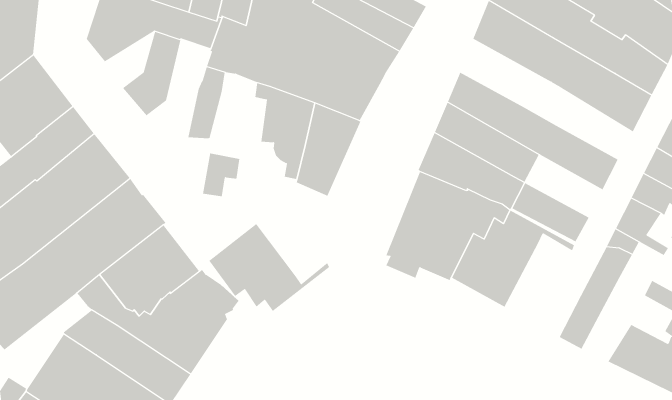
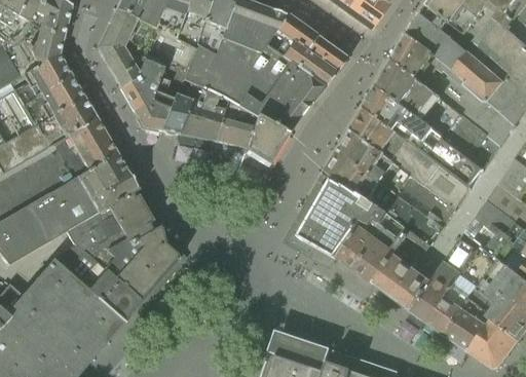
building: none -> [109,48,148,86]
building: none -> [365,85,484,187]
building: none -> [134,56,187,128]
building: none -> [178,85,222,139]
building: none -> [401,176,456,226]
building: [209,223,330,312] -> none
building: none -> [374,233,429,309]
building: none -> [425,272,469,332]

